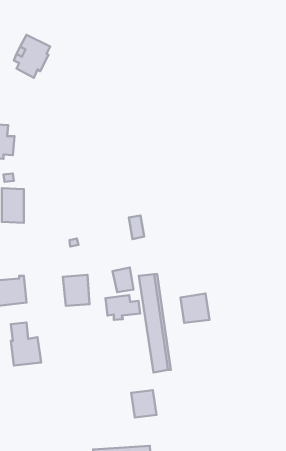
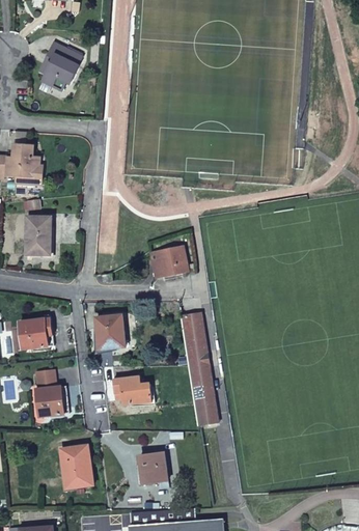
building: [112,268,133,292] -> [149,249,173,277]
building: [181,293,210,323] -> none
building: [106,295,140,320] -> [112,376,151,404]
building: none -> [60,444,93,488]
building: [131,390,157,418] -> [139,452,168,483]

